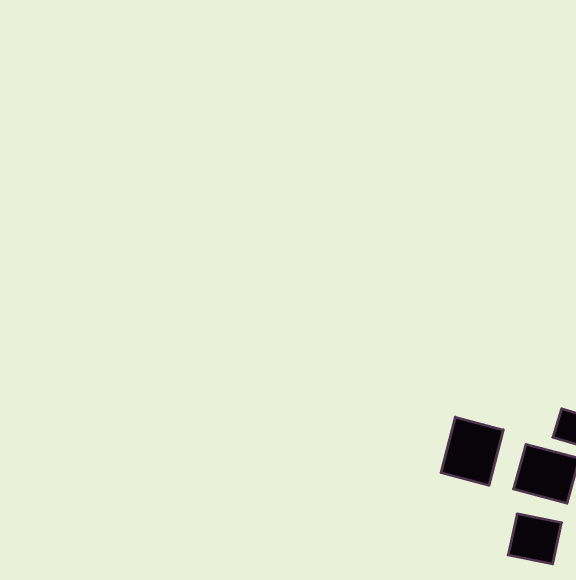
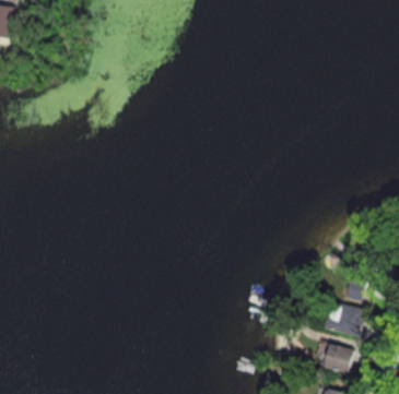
building: [441,417,503,485] -> none

